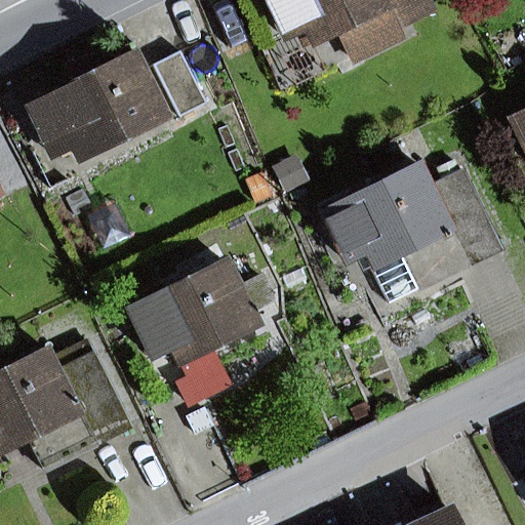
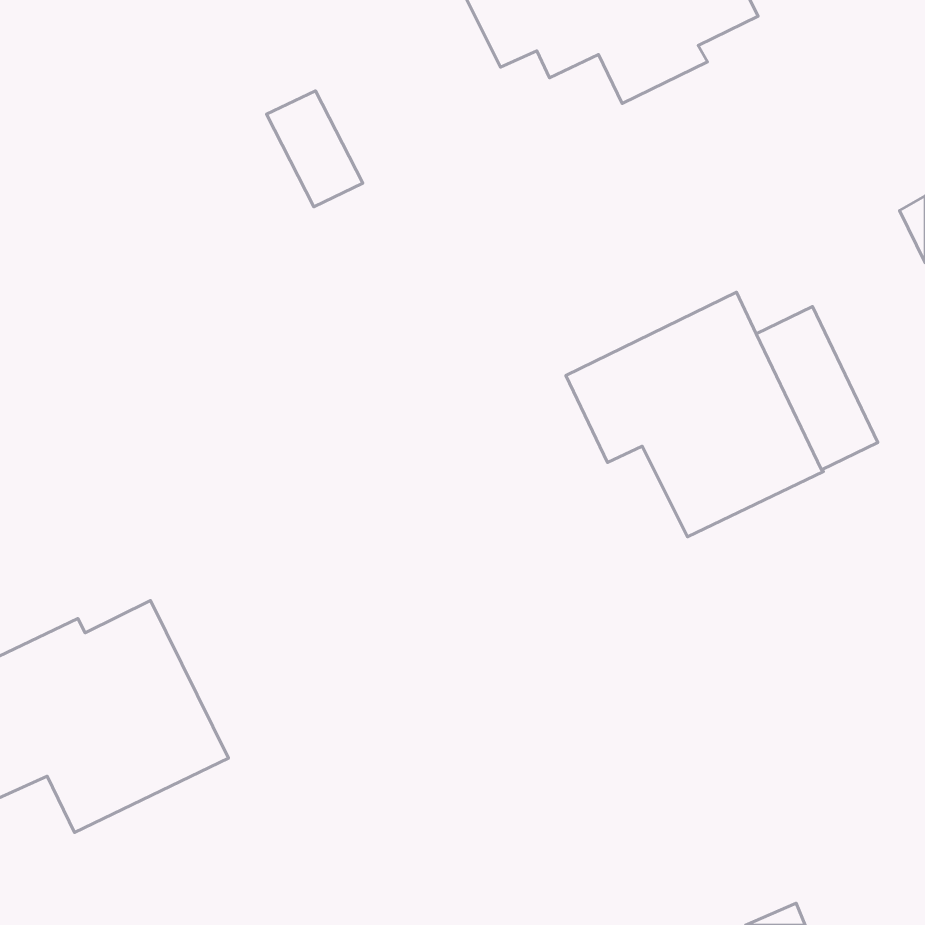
building: [25,52,163,159] -> none
building: [126,260,272,362] -> none

